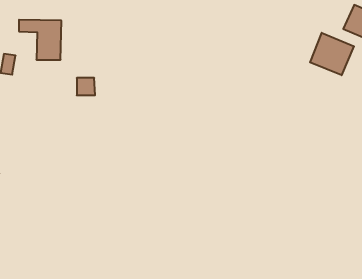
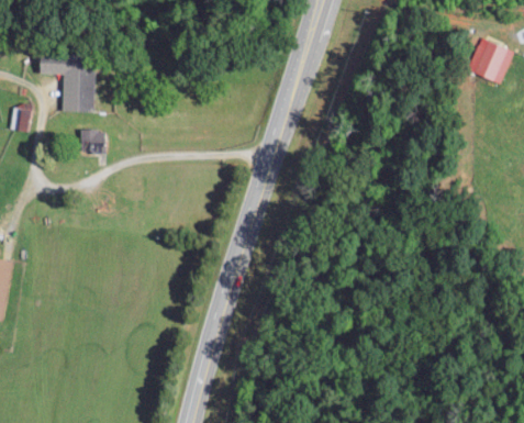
building: [310,33,354,75] -> none
building: [77,78,95,95] -> [80,130,104,153]

